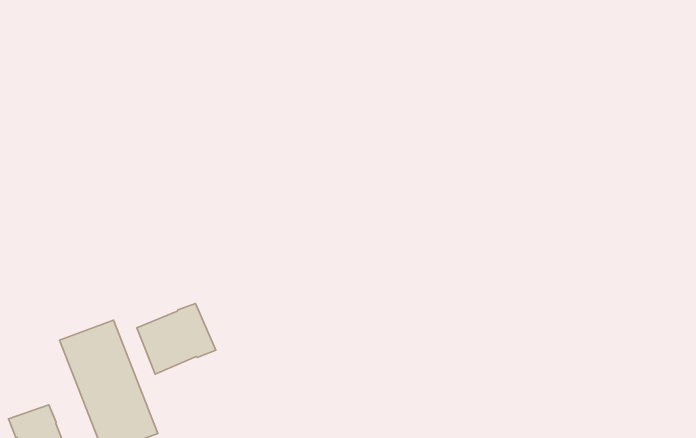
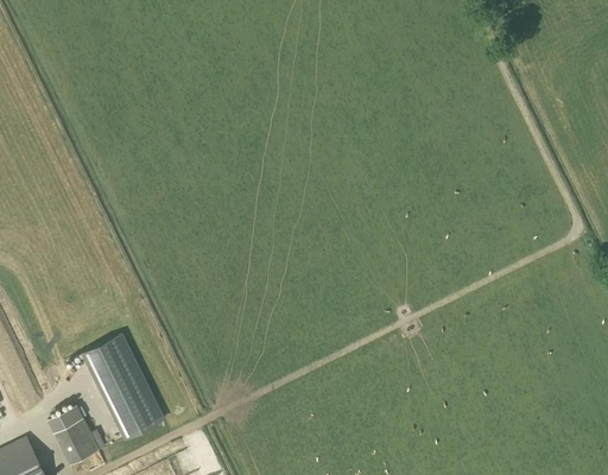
building: [137,304,216,374] -> none

